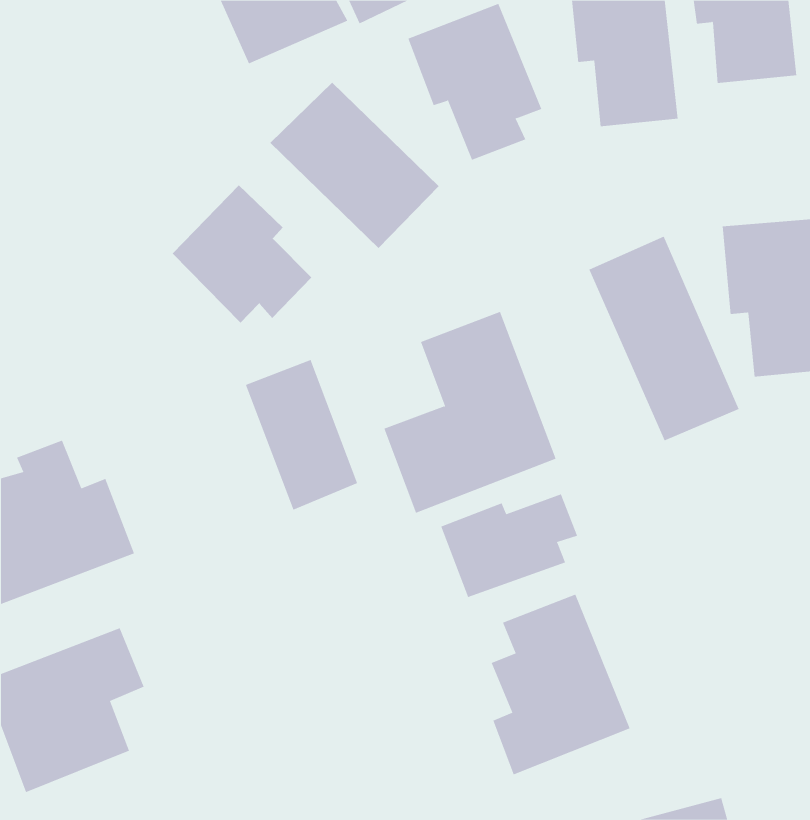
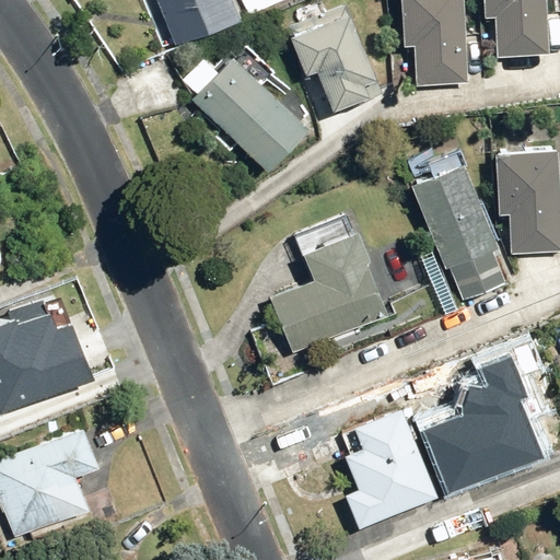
building: [172,185,312,324] -> none
building: [245,359,358,510] -> none
building: [441,494,578,598] -> none
building: none -> [432,358,549,493]

